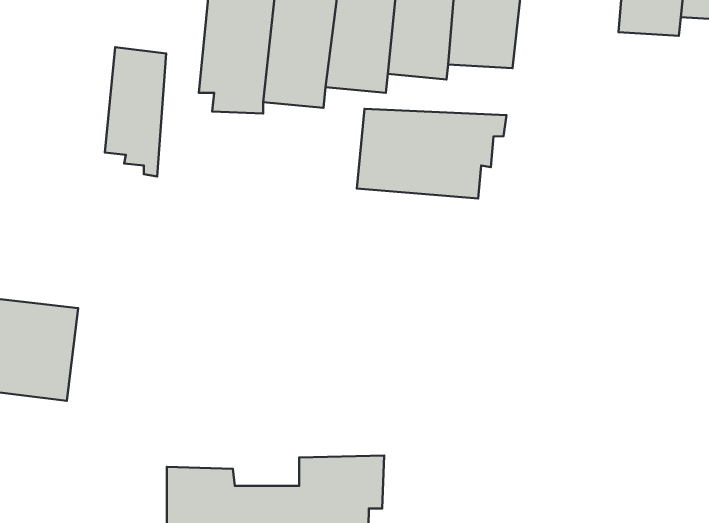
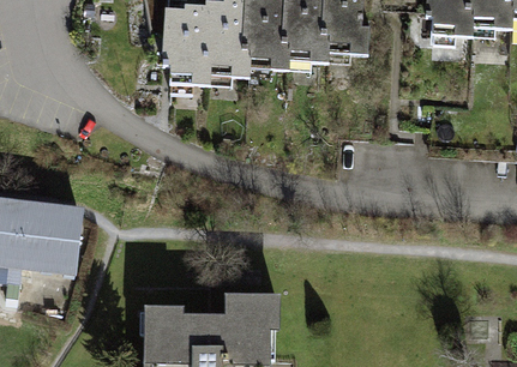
building: [105,47,166,177] -> none
building: [357,109,506,198] -> none

